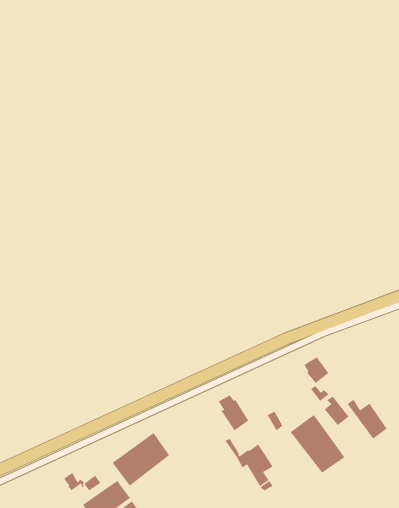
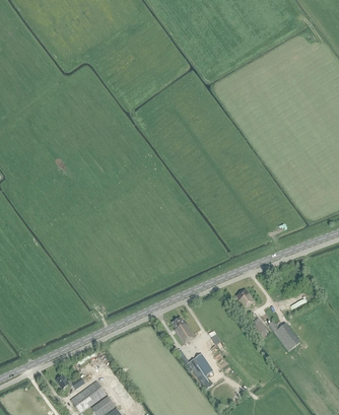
building: [290,414,345,474] -> none
building: [112,432,170,486] -> none

